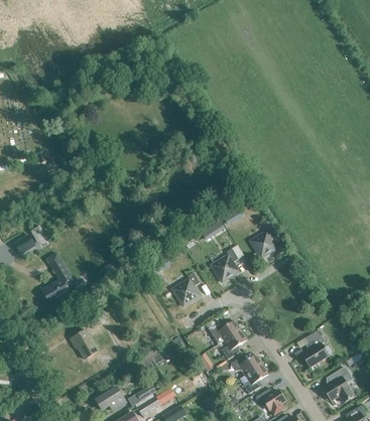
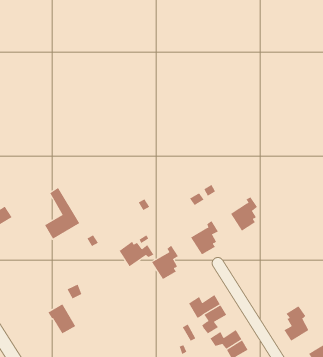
building: [41,253,77,304] -> [44,187,80,239]
building: none -> [119,241,154,267]

